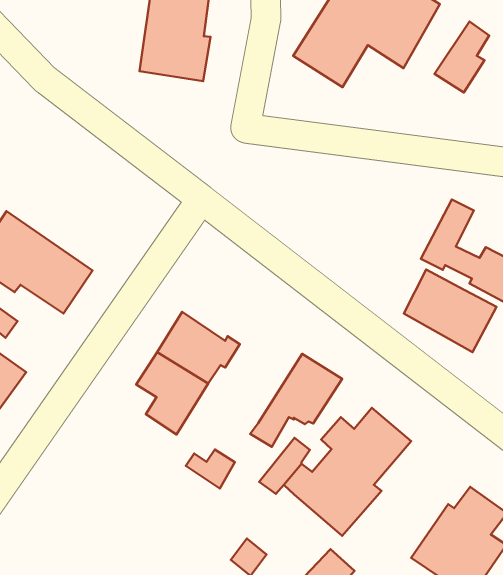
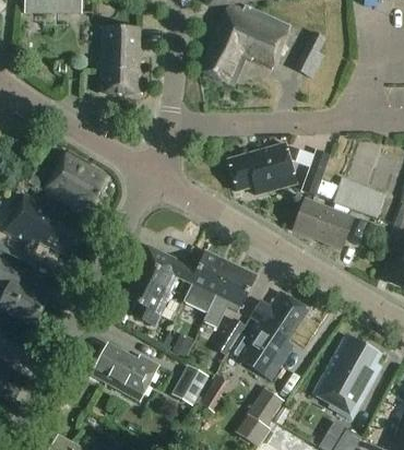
building: none -> [46,151,109,215]
building: none -> [227,140,295,192]
building: none -> [180,250,229,311]
building: none -> [92,343,158,400]
building: none -> [171,365,209,404]

